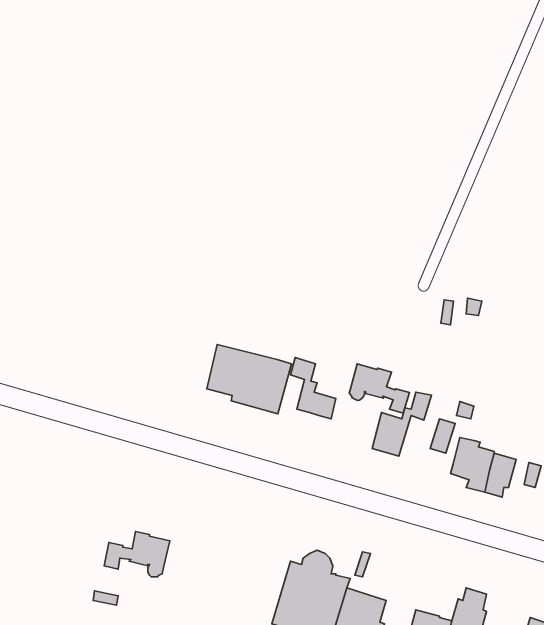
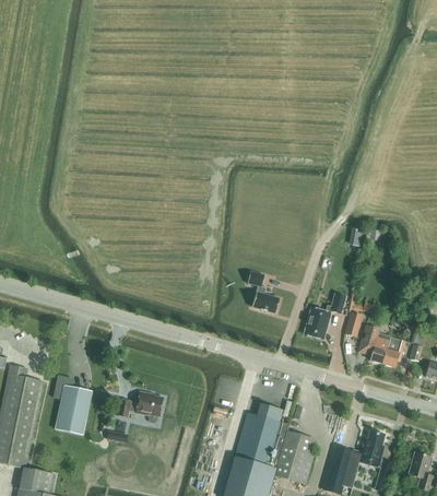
building: [207,345,291,414] -> none
building: [349,364,410,413] -> none
building: none -> [54,375,91,434]

